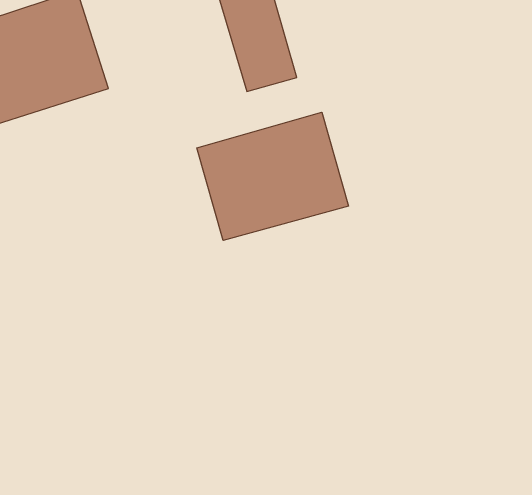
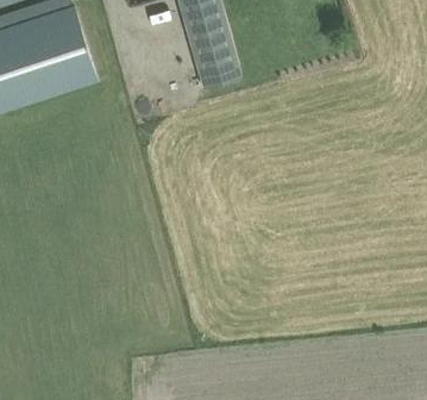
building: [197,112,349,240] -> none

